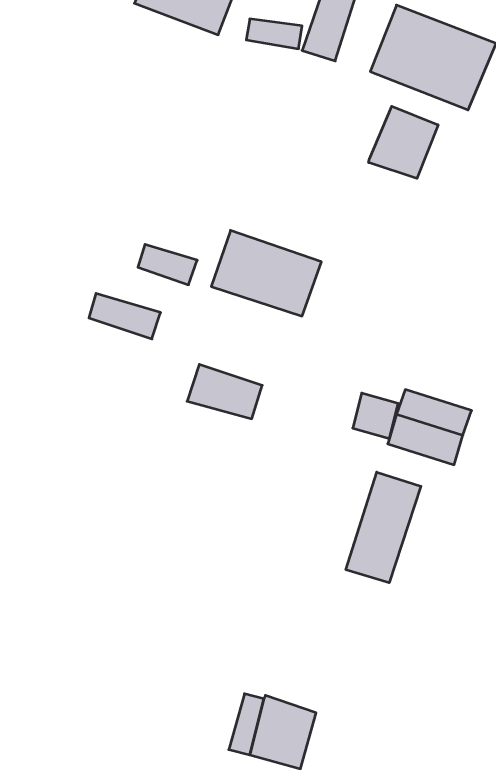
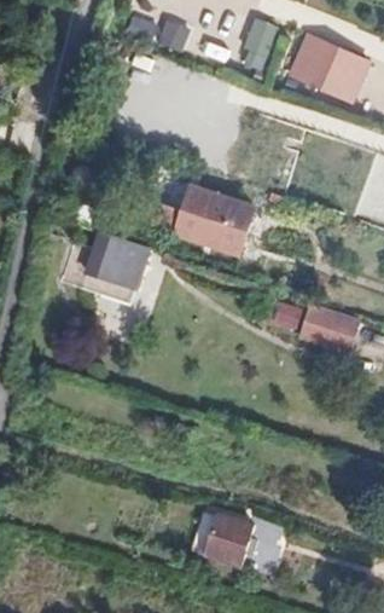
building: [369,106,438,178] -> none
building: [187,364,262,419] -> [86,250,138,288]
building: [346,472,421,583] -> none

